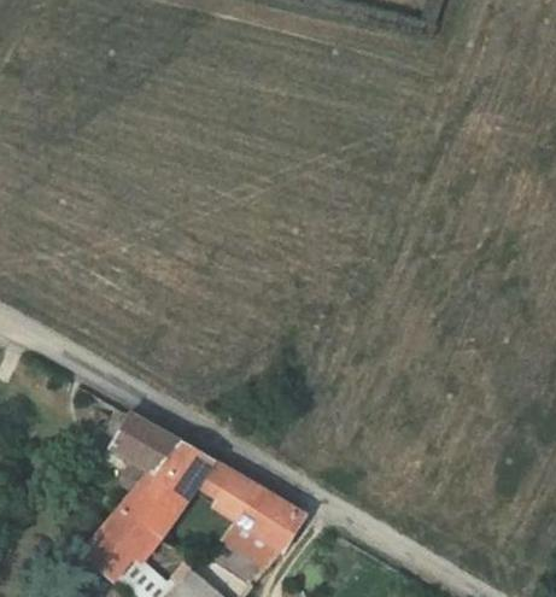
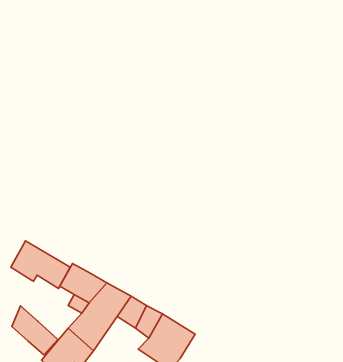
building: none -> [11,241,70,288]
building: none -> [12,306,58,355]

